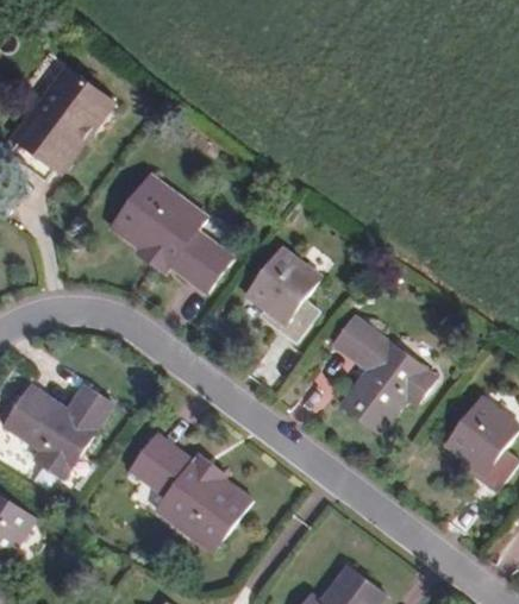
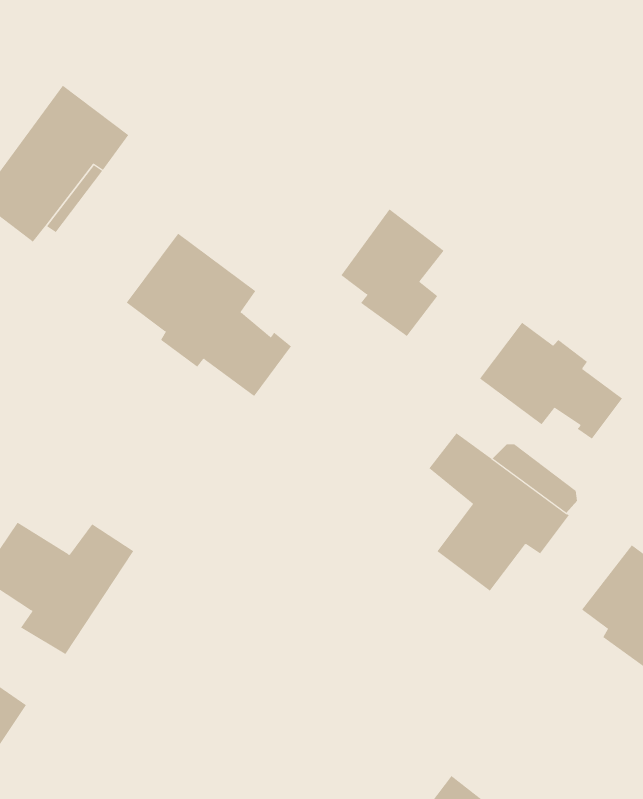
building: none -> [479,322,623,439]
building: [244,246,320,340] -> [341,209,445,337]
building: [129,434,250,553] -> none

